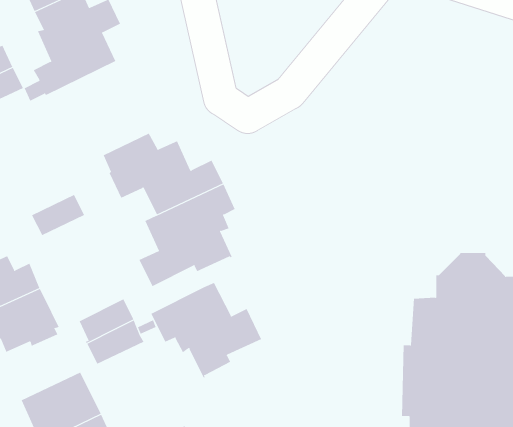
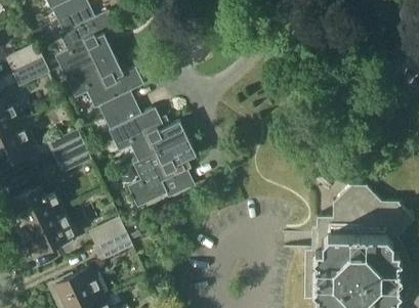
building: none -> [66,54,144,119]
building: none -> [48,130,85,160]
building: [150,282,262,378] -> none

